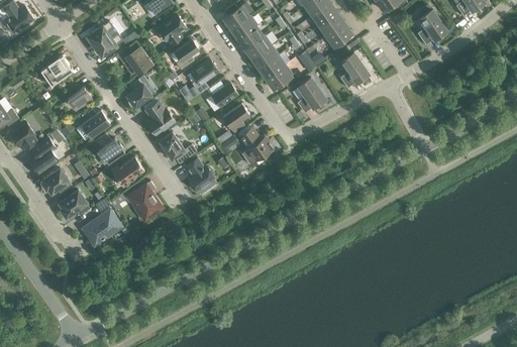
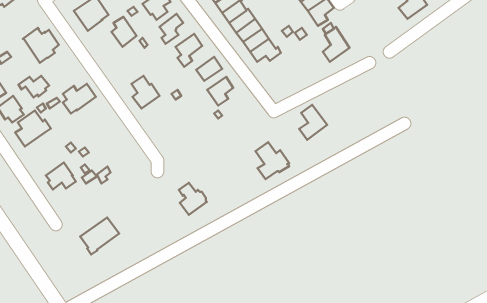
building: [126,76,154,107] -> none
building: [296,78,324,113] -> [299,105,327,140]
building: [60,87,91,109] -> [18,76,49,98]
building: [238,127,273,164] -> [255,142,289,179]
building: [159,132,196,163] -> none
building: [95,133,124,162] -> none
building: [110,156,143,187] -> none
building: [186,158,214,191] -> [179,183,207,215]
building: [41,168,71,194] -> none
building: [127,181,163,222] -> none
building: [82,210,121,247] -> [80,218,119,254]

